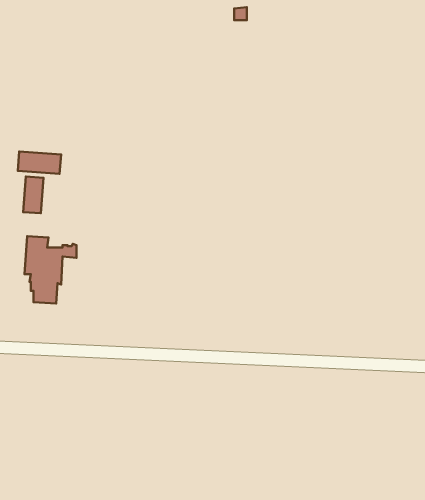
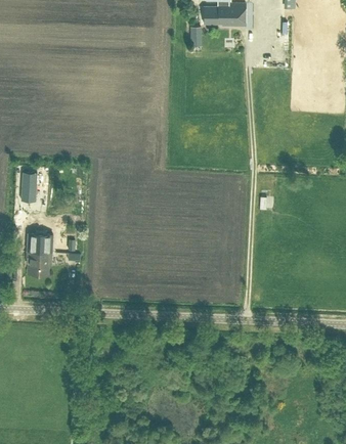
building: [18,151,61,174] -> none

